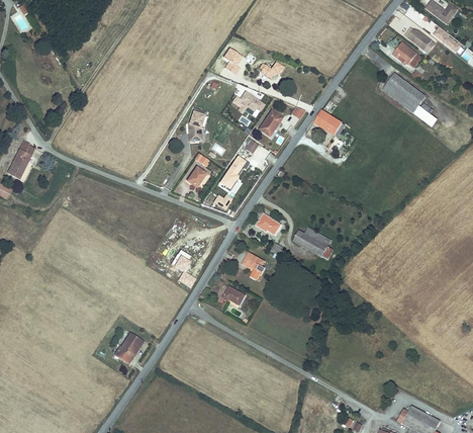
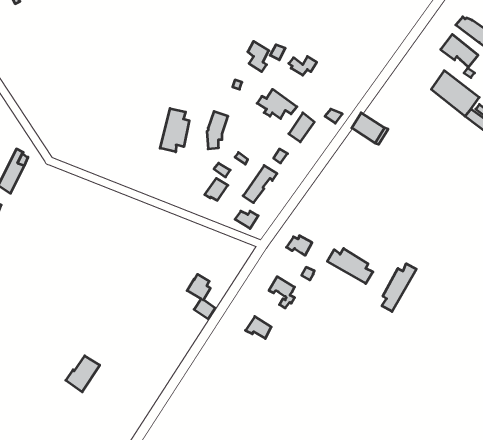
building: none -> [160,108,189,152]
building: none -> [382,264,416,312]
building: [113,333,143,364] -> [66,356,100,392]

